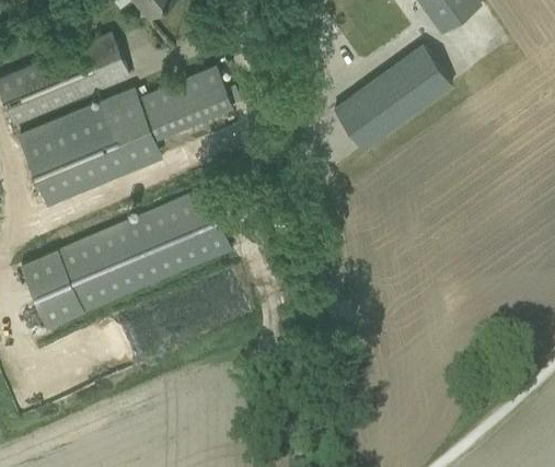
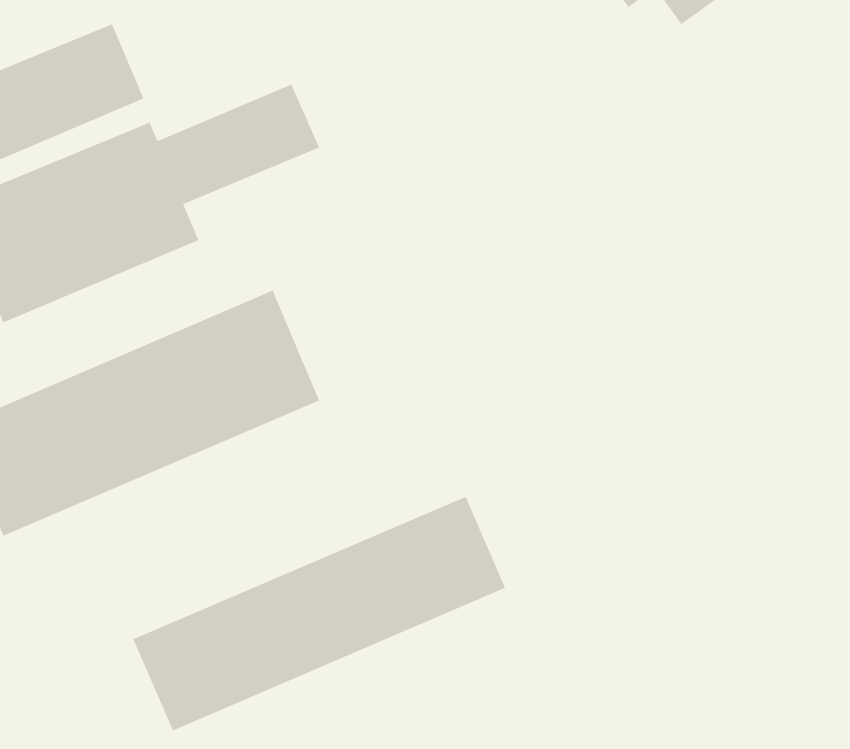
building: [334,46,452,150] -> none
building: none -> [132,496,506,731]

